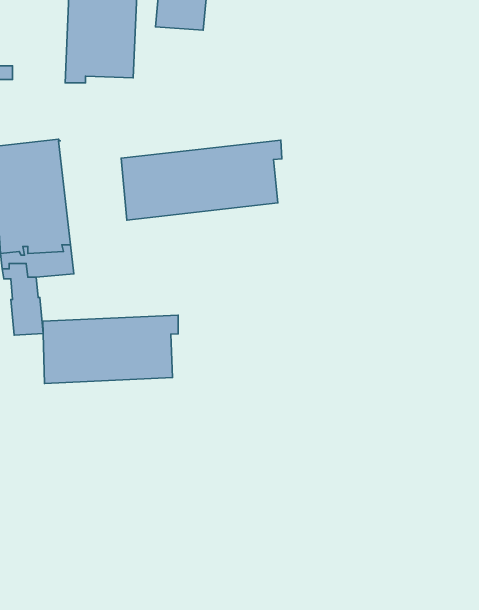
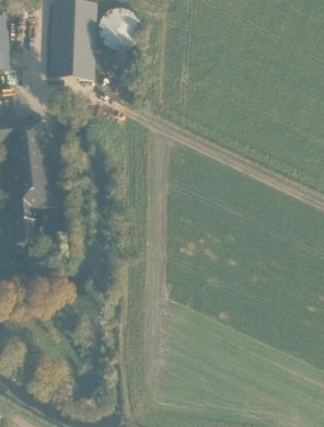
building: [121,140,282,220] -> none
building: [43,315,178,383] -> none

